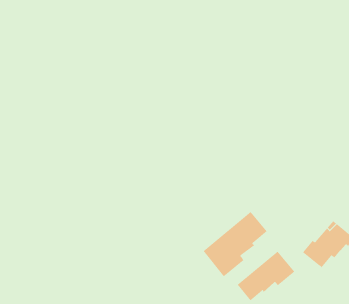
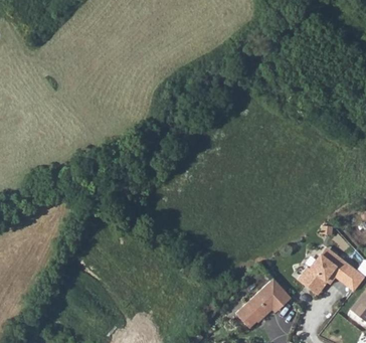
building: [203,211,268,277] -> none

